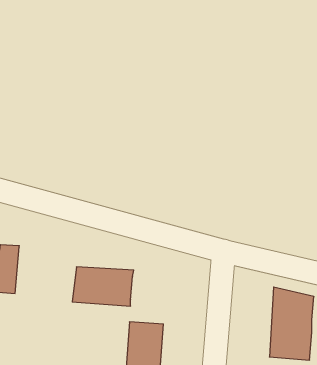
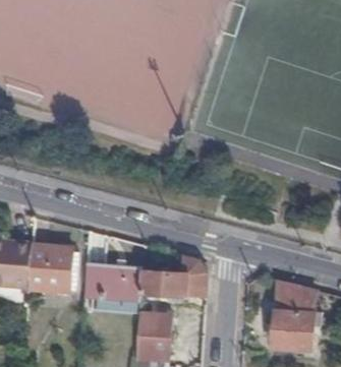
building: none -> [27,244,72,292]
building: none -> [138,256,206,300]

